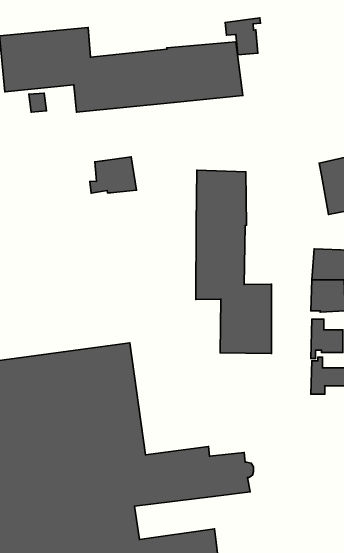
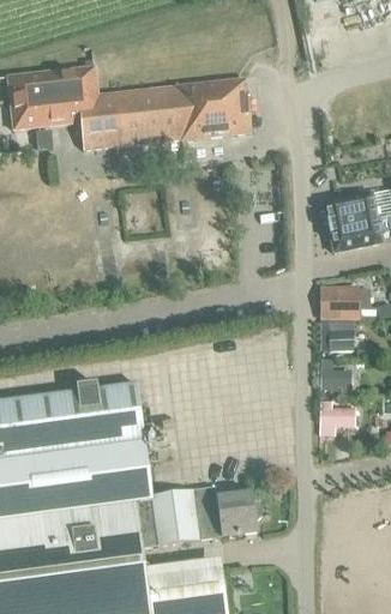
building: [225,18,260,55] -> none
building: [90,157,136,193] -> none
building: [196,170,271,353] -> none

